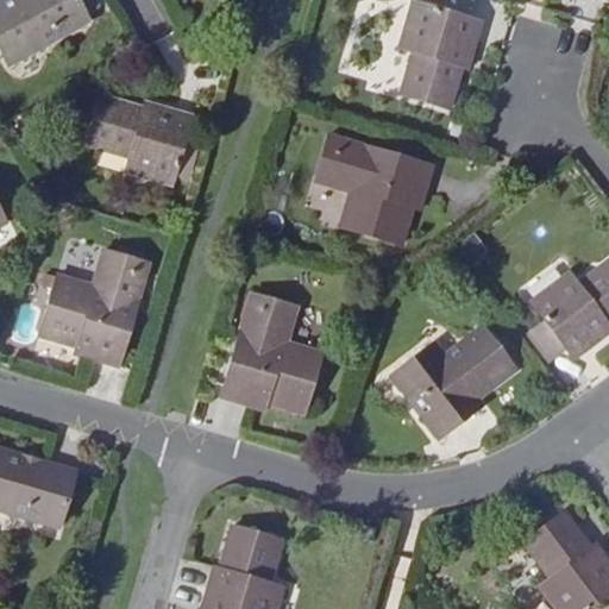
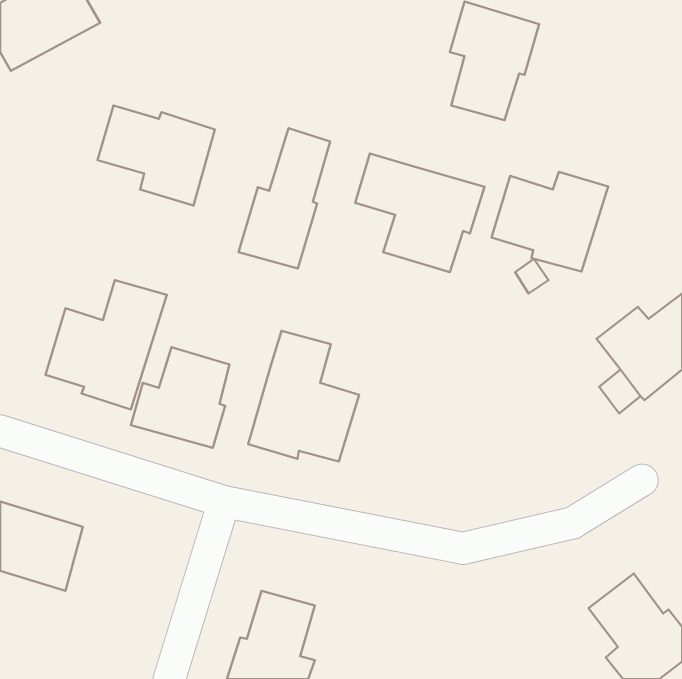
building: none -> [238,128,330,268]
building: none -> [491,172,608,272]
building: none -> [131,347,229,448]
building: [393,326,515,437] -> none

